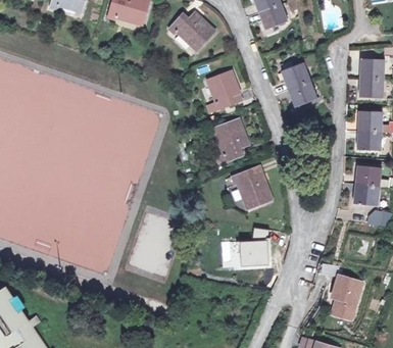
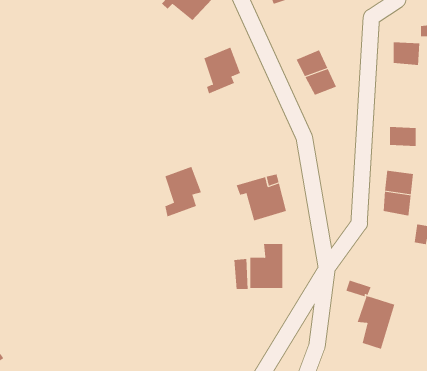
building: [358,80,381,100] -> none
building: [356,115,380,133] -> none
building: [214,118,245,160] -> [164,166,202,217]

